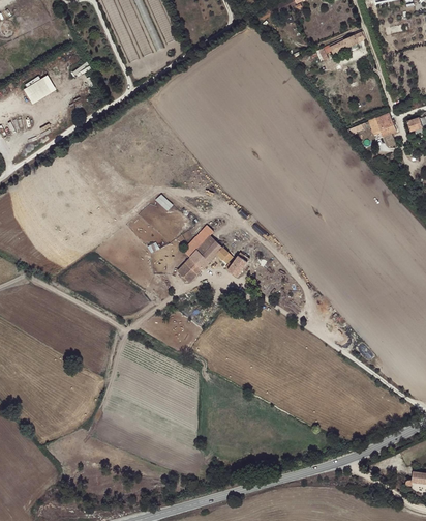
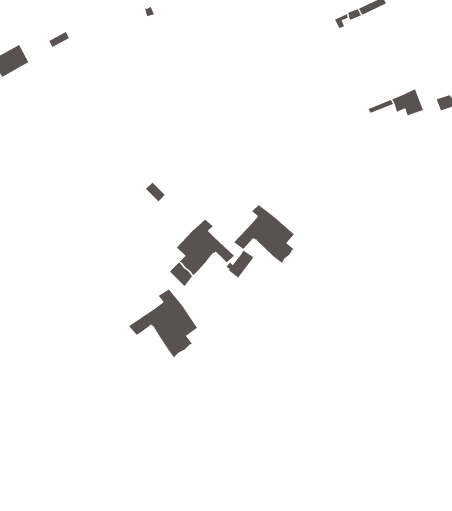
building: none -> [233,204,295,264]
building: none -> [128,289,198,358]

